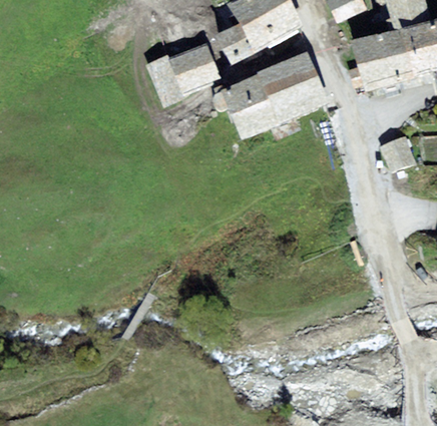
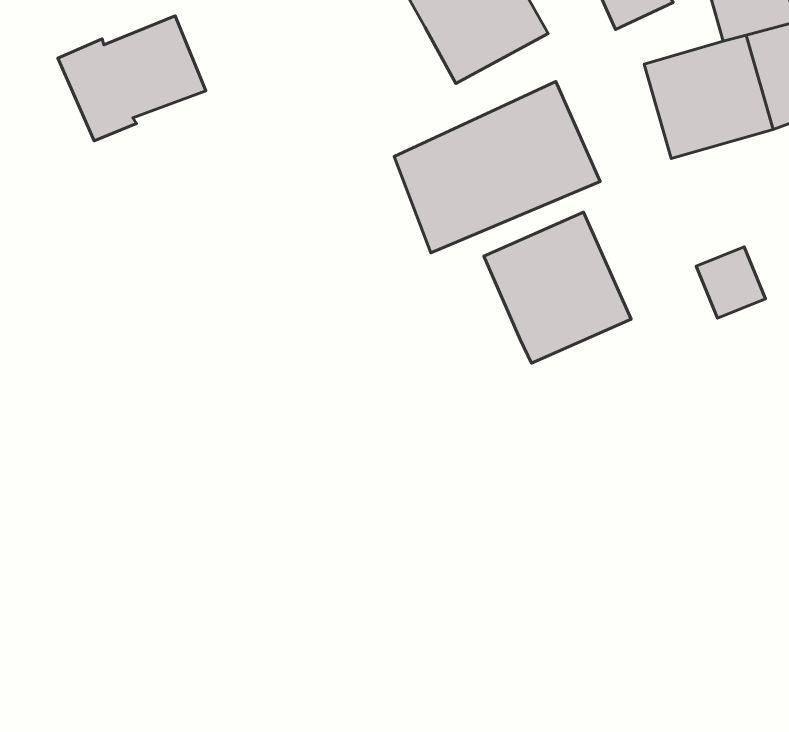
building: [215,21,254,62] -> none
building: [144,41,222,106] -> [58,16,206,141]
building: none -> [484,212,631,363]

